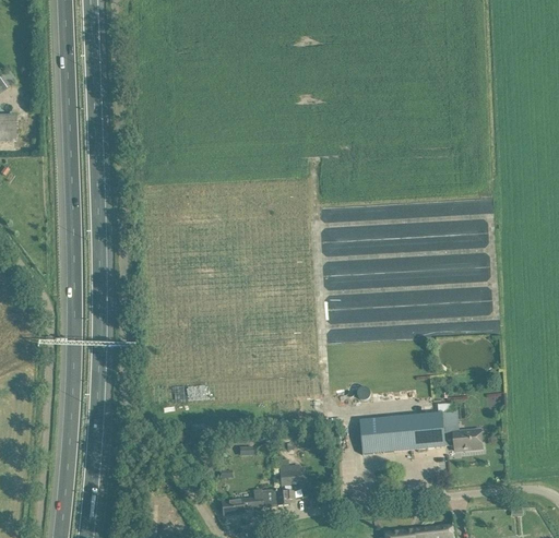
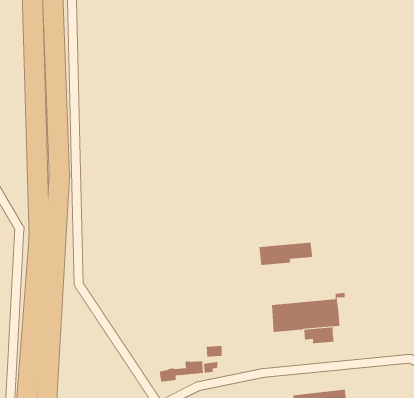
building: none -> [259,242,313,266]
building: [443,429,481,450] -> [303,327,334,344]

